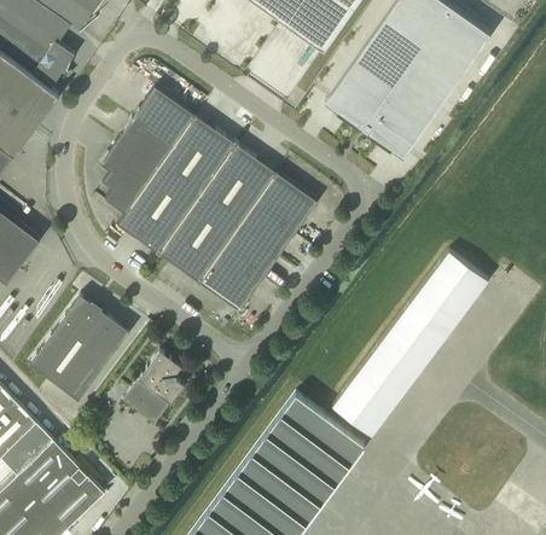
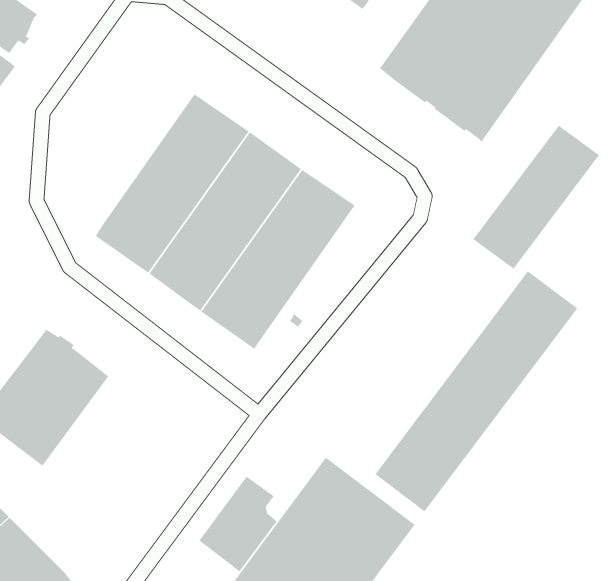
building: [99,86,193,213] -> none
building: none -> [473,125,600,270]
building: [122,350,182,424] -> [199,476,278,572]

